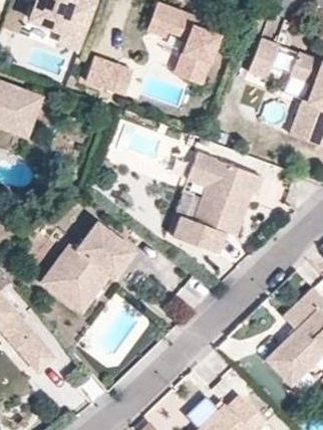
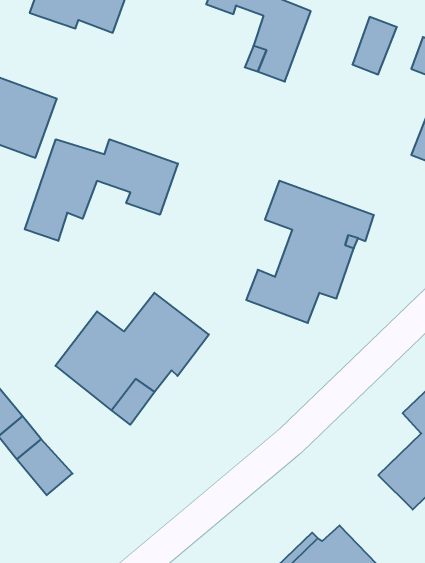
building: [85,55,122,89] -> none
building: none -> [25,139,178,241]

